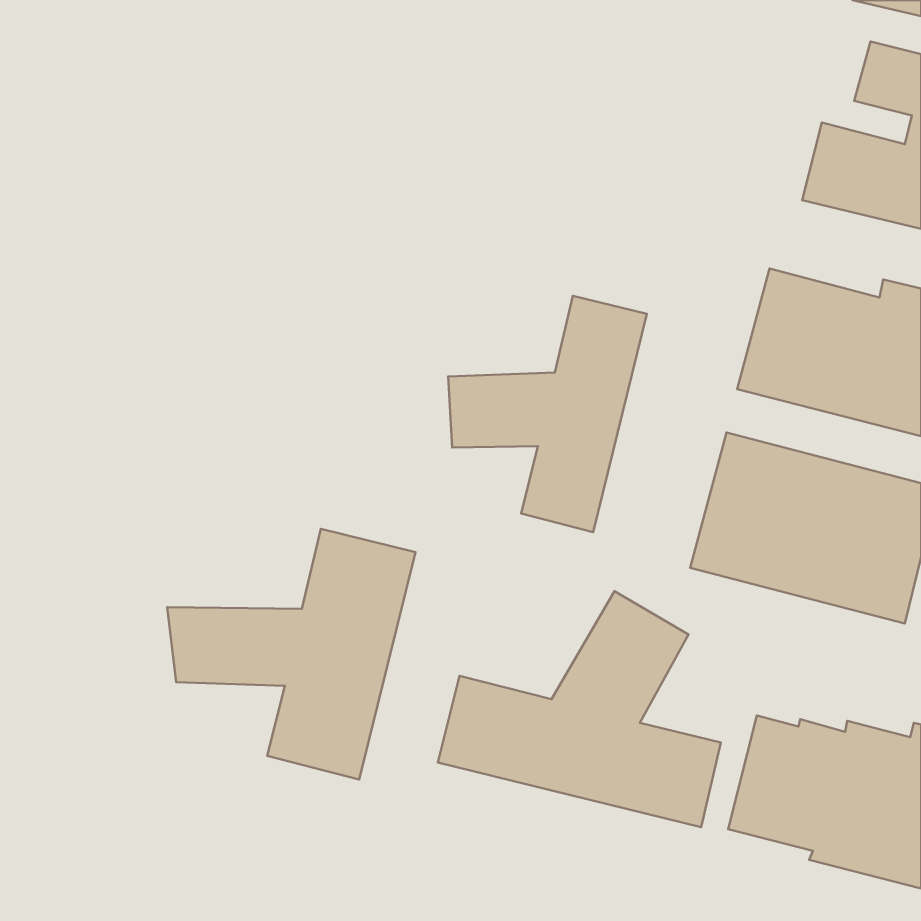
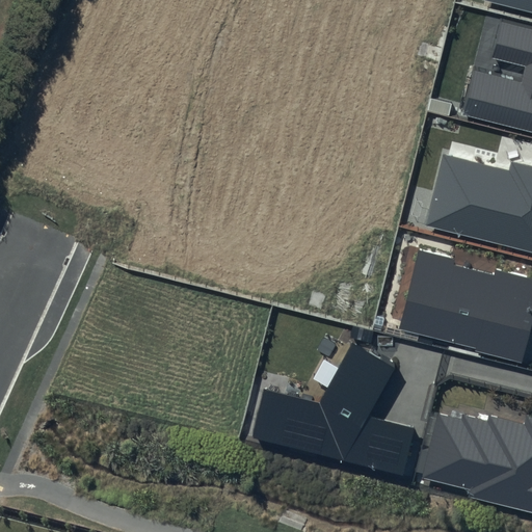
building: [448,296,647,532] -> none
building: [167,529,415,780] -> none

